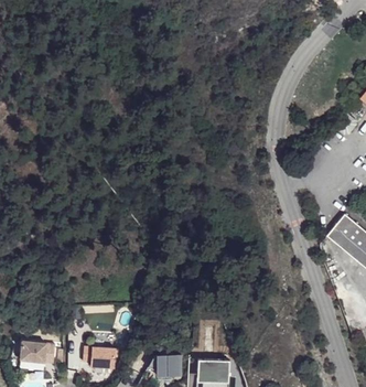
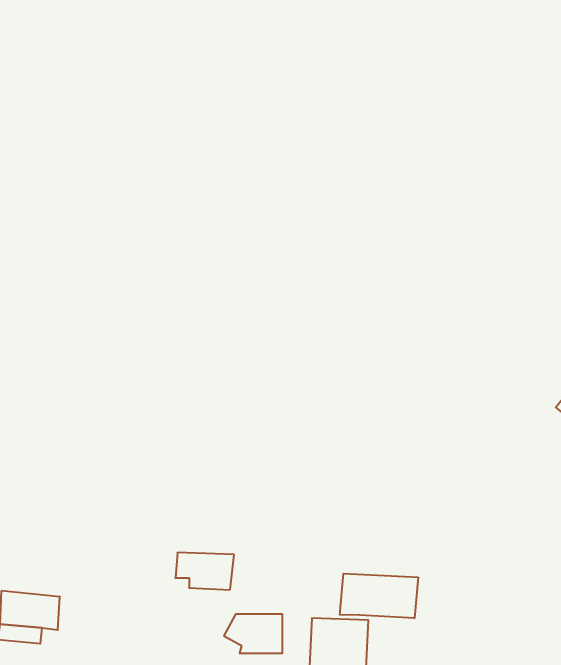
building: none -> [340,574,418,618]
building: [78,347,111,368] -> [175,553,234,590]

